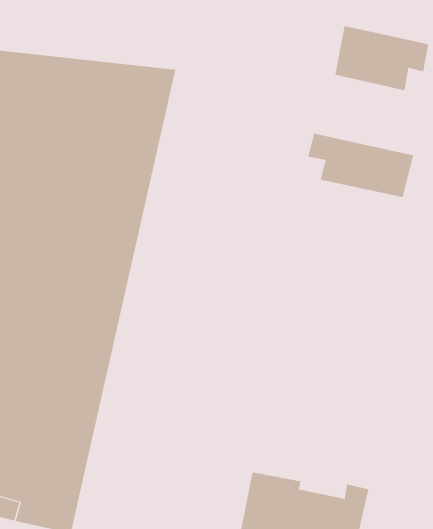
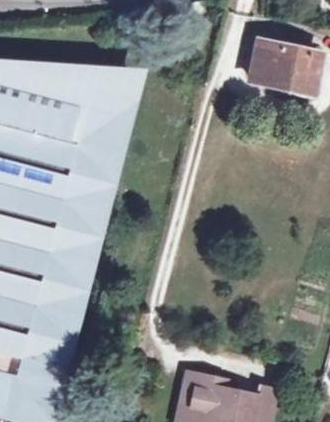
building: [308,133,414,198] -> none

